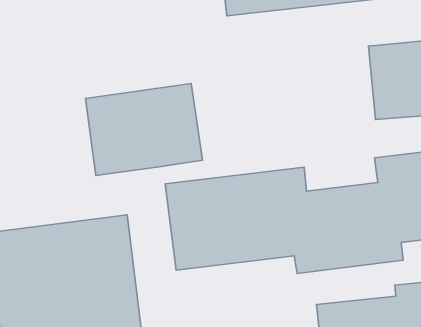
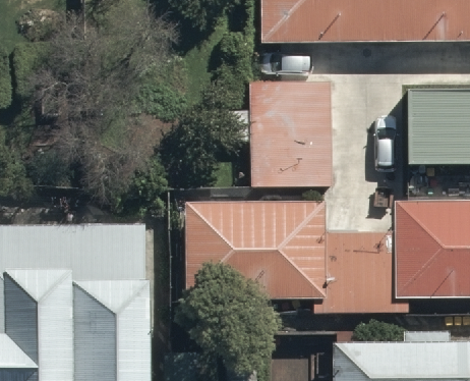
building: none -> [254,77,335,189]
building: [86,83,202,175] -> none

